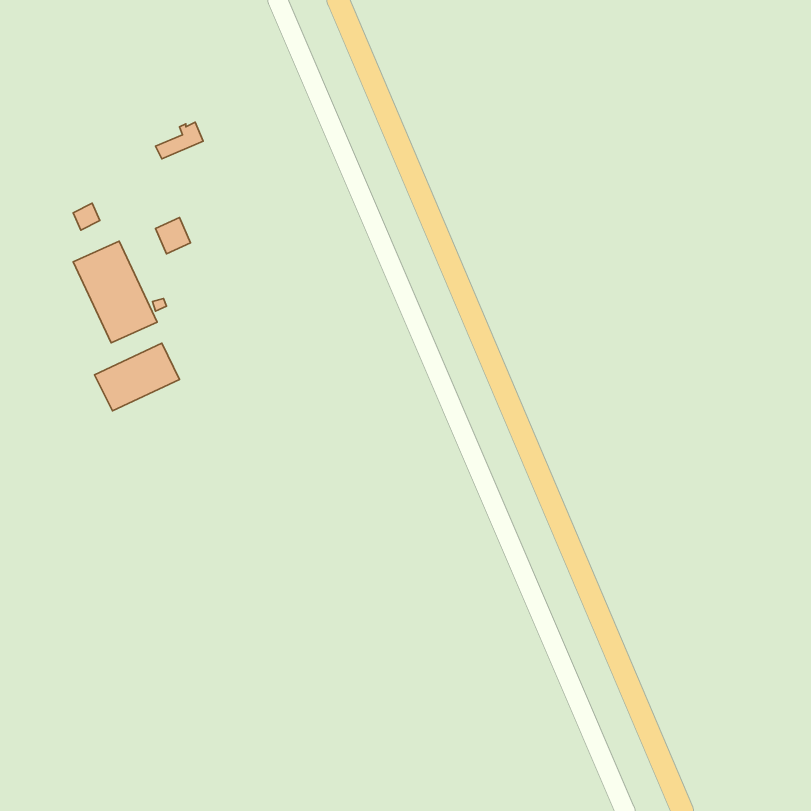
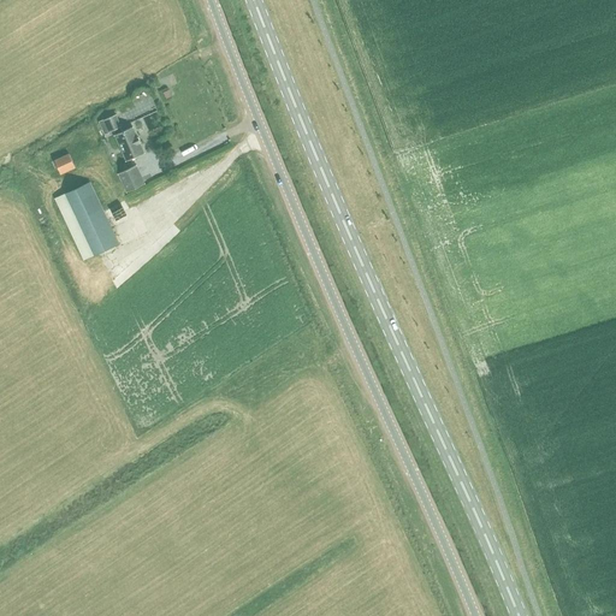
building: none -> [99,114,144,161]
building: [94,343,180,411] -> none

